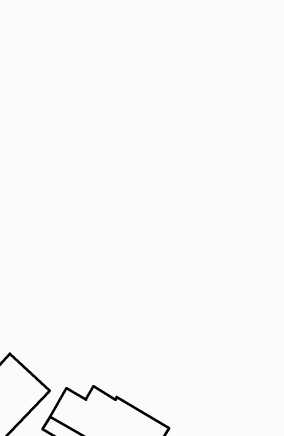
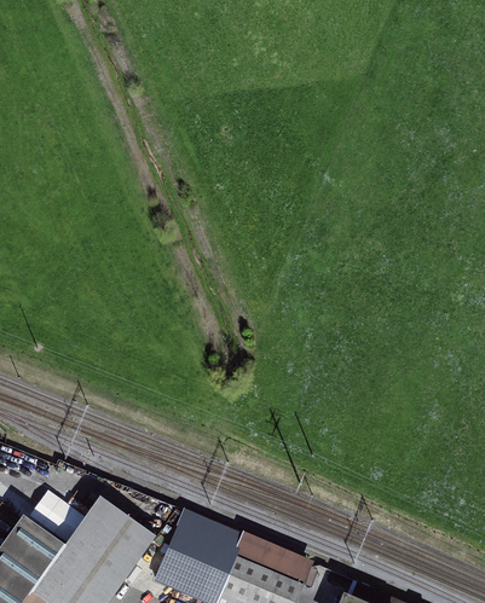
building: none -> [177,511,210,540]

